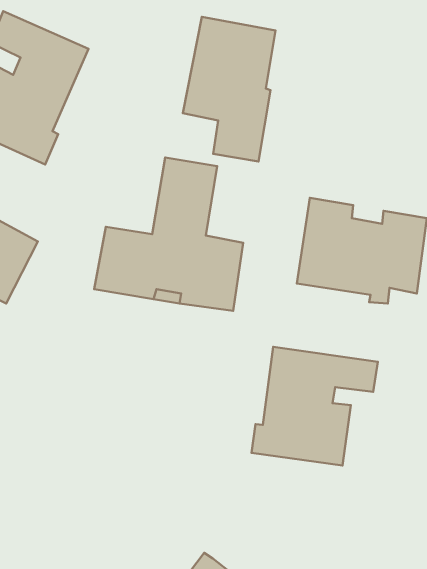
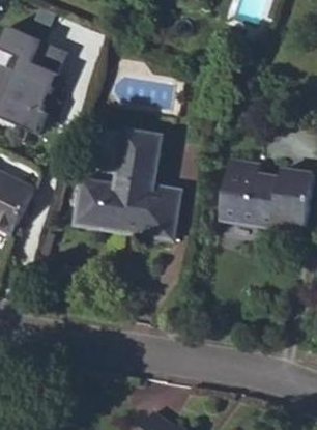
building: [183,17,276,161] -> none
building: [251,347,378,465] -> none

